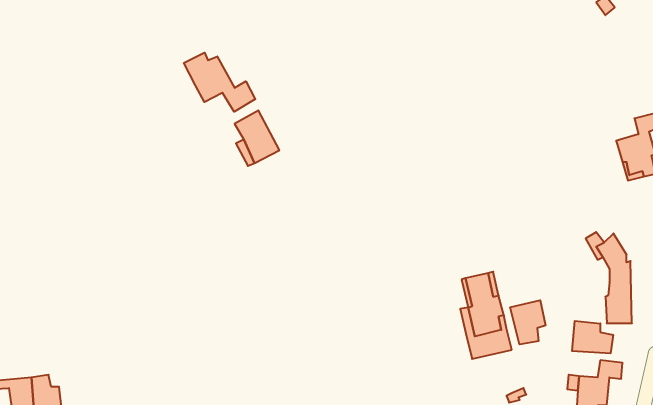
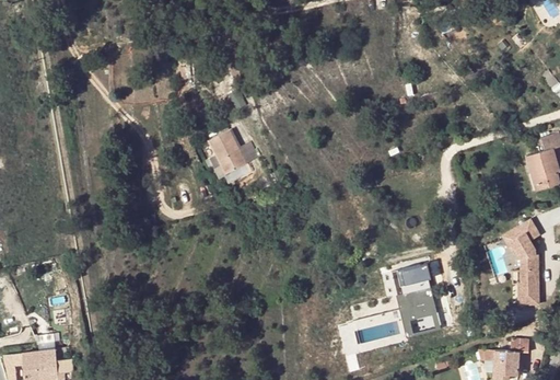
building: [184,53,255,112] -> none
building: [510,300,546,344] -> none
building: [572,321,613,353] -> none

